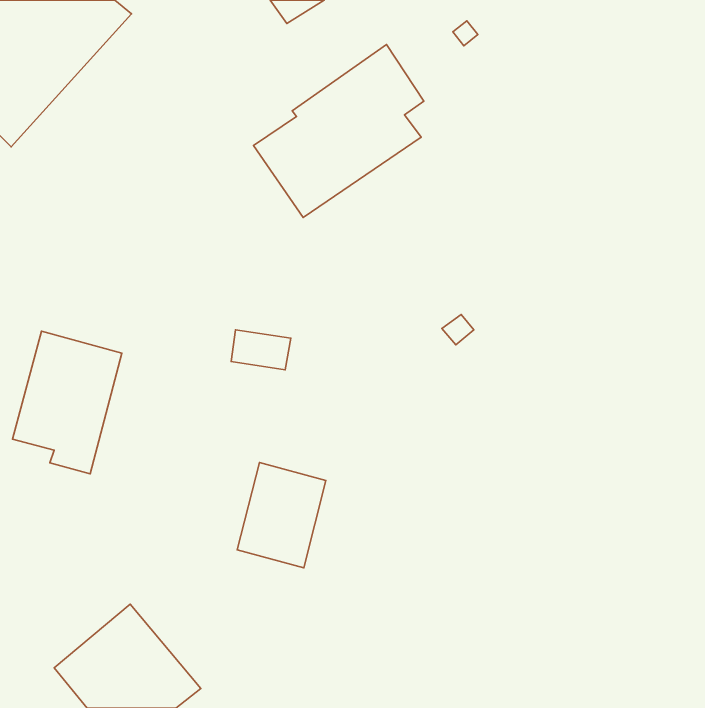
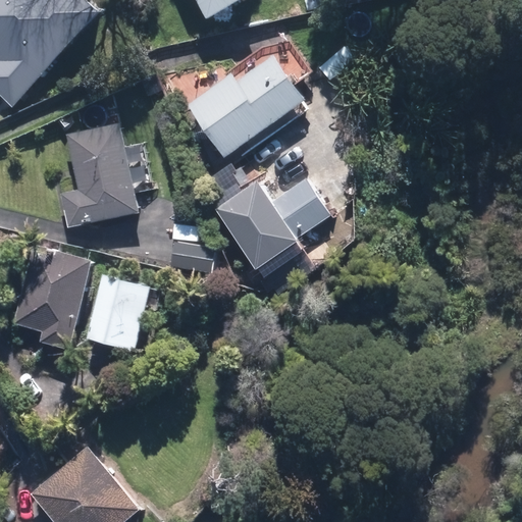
building: none -> [57,127,137,230]
building: none -> [210,164,335,264]
building: [237,463,326,568] -> [87,275,152,353]

